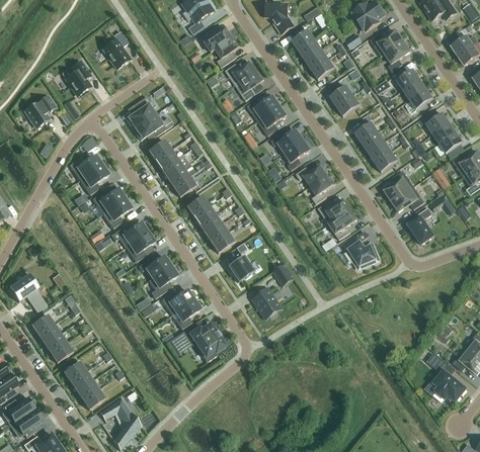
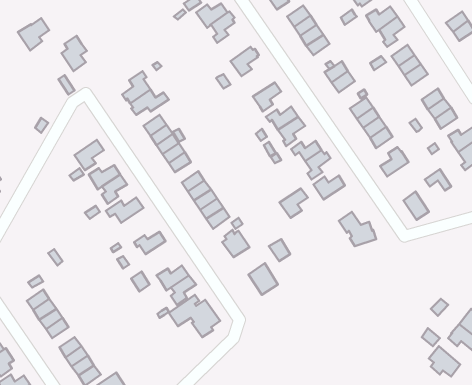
building: [103,30,131,69] -> none
building: [225,62,255,85] -> none
building: [24,95,56,127] -> [18,18,49,50]
building: [247,96,279,120] -> none
building: [70,155,101,179] -> none
building: [392,186,423,211] -> none
building: [328,209,356,239] -> [279,188,308,218]
building: [126,232,154,261] -> none
building: [148,265,177,298] -> none
building: [9,273,41,301] -> none

